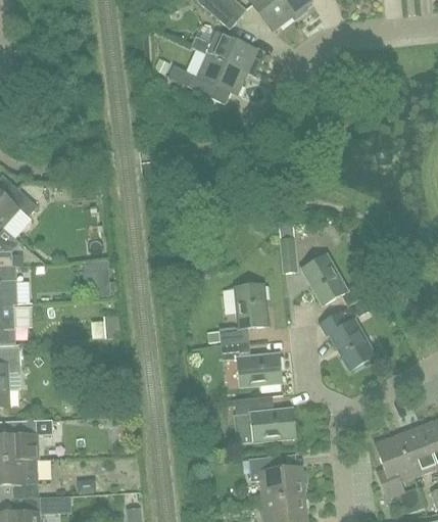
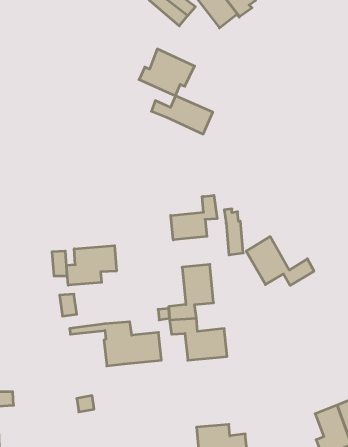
building: [191,31,256,72] -> [151,96,213,134]
building: none -> [171,195,217,240]
building: none -> [66,246,116,285]
building: [318,306,375,369] -> none
building: [196,395,294,442] -> [70,322,161,366]

